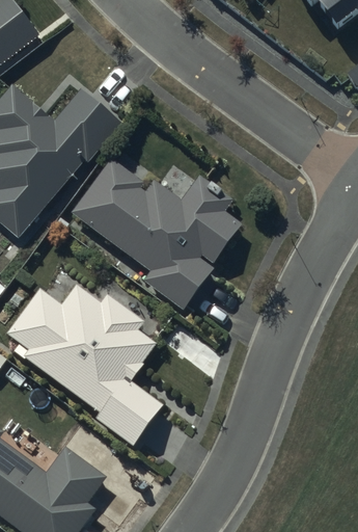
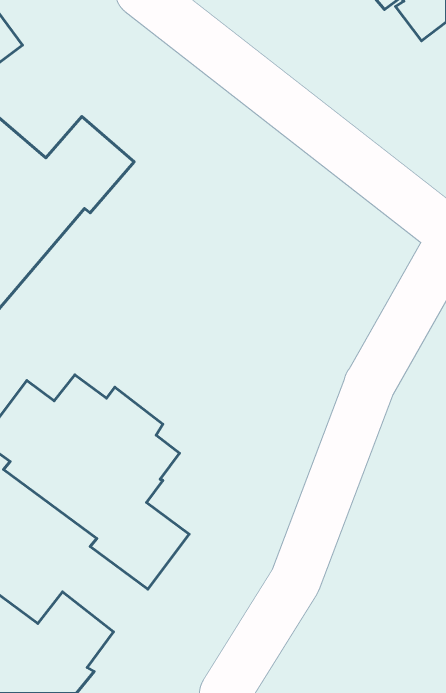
building: [71,160,242,311] -> none

